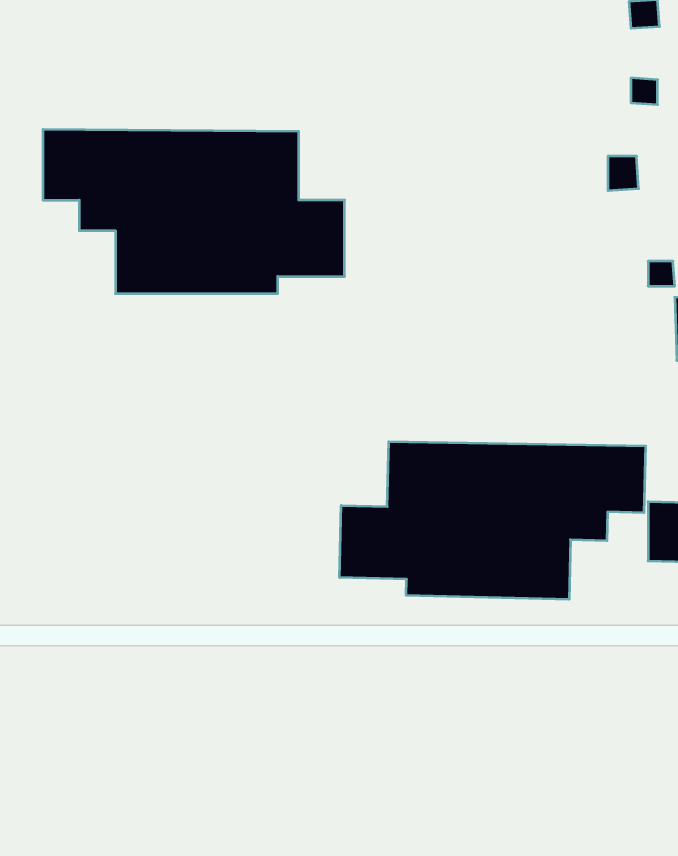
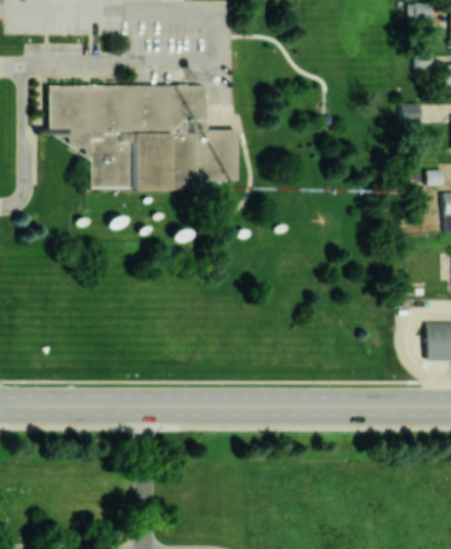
building: [340,442,646,599] -> none

